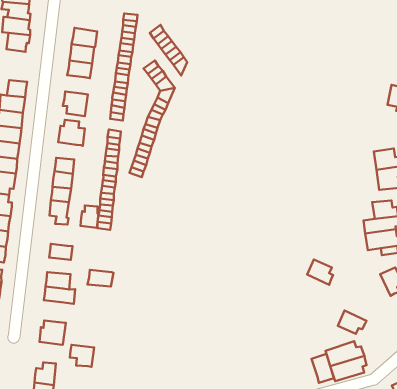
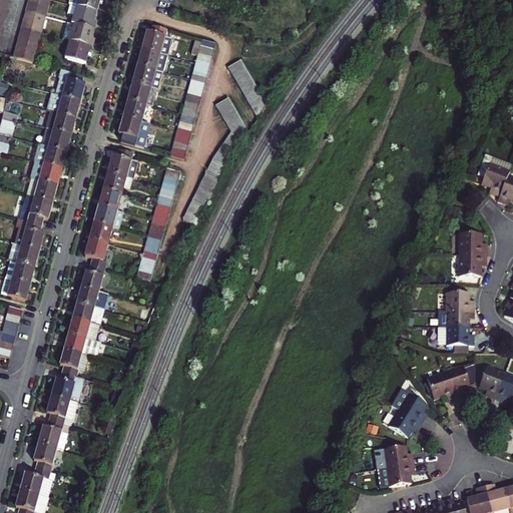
building: none -> [143,23,172,53]
building: none -> [61,69,85,98]
building: none -> [122,97,146,120]
building: none -> [101,171,126,193]
building: [81,206,98,228] -> [81,263,103,290]
building: [307,259,333,285] -> [401,392,430,423]
building: [88,270,113,286] -> [72,300,103,322]
building: none -> [430,373,455,402]
building: none -> [60,347,83,374]
building: [70,345,94,367] -> [48,393,77,421]
building: [311,354,334,383] -> none

